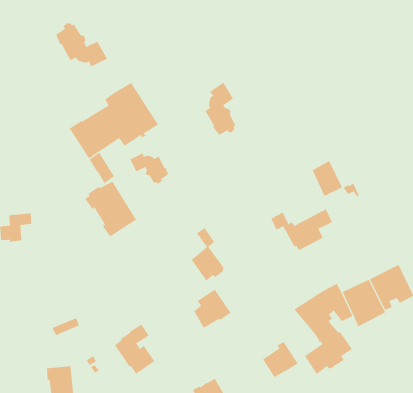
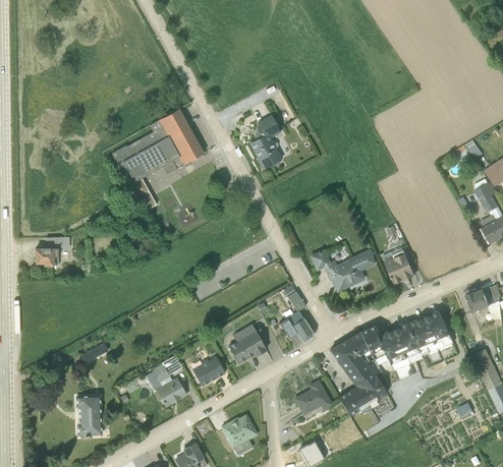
building: [55,23,108,67] -> none
building: [129,153,169,184] -> none
building: [312,160,343,197] -> [384,247,414,284]
building: [85,181,137,237] -> none
building: [191,227,224,281] -> [280,291,314,346]
building: none -> [192,357,225,388]

